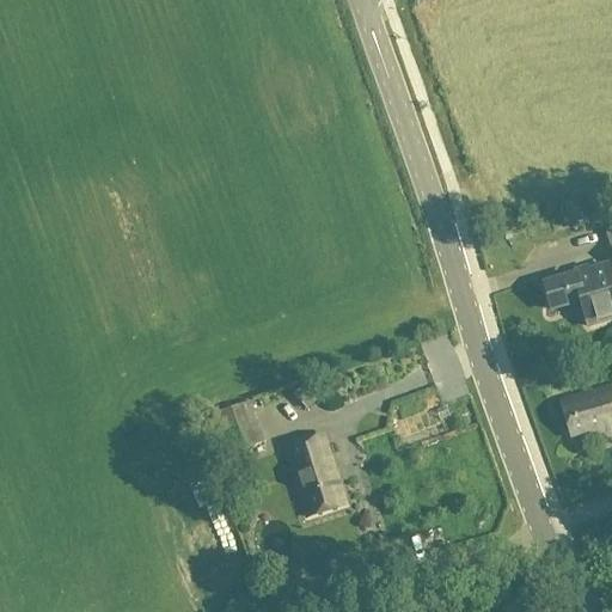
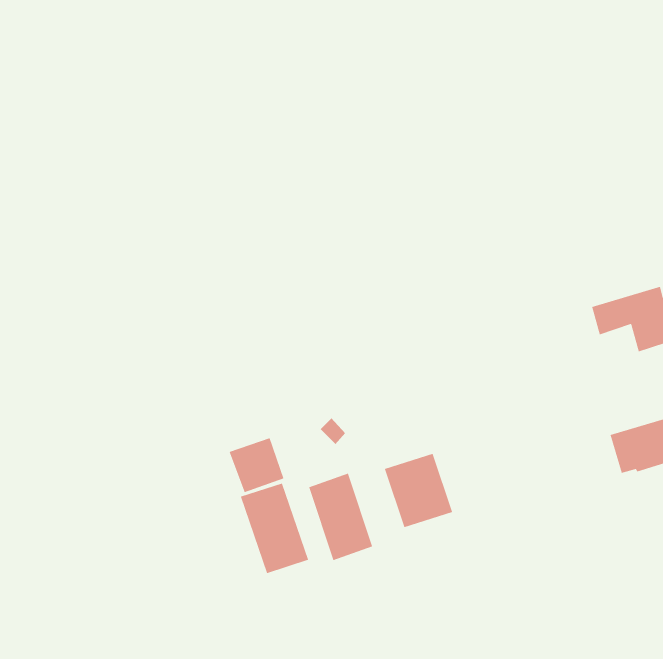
building: none -> [384,453,453,528]
building: none -> [240,483,309,574]

